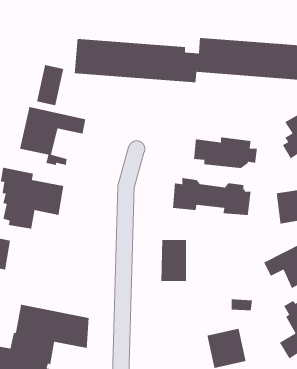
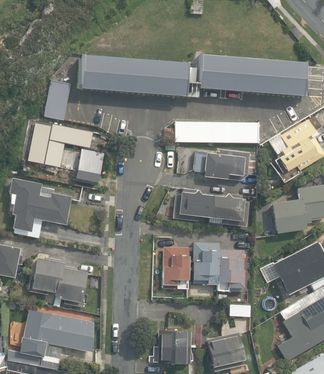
building: none -> [175,121,259,143]
building: none -> [77,149,102,182]
building: none -> [193,242,244,291]
building: none -> [28,257,88,307]
building: none -> [158,330,191,364]

